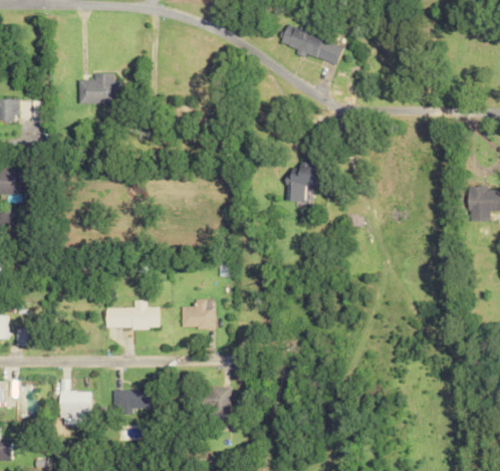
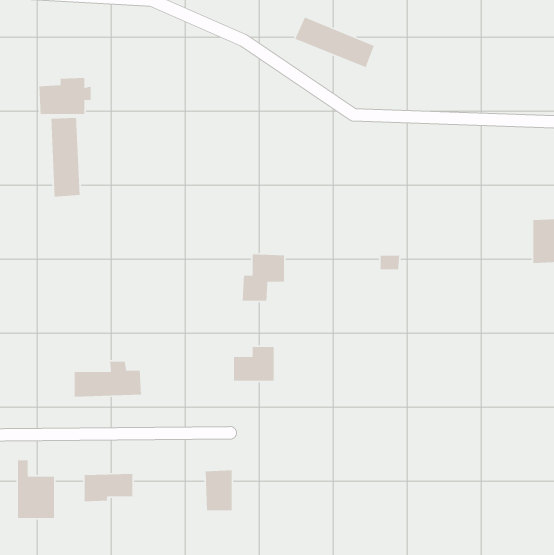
building: none -> [51,117,81,198]
building: [286,163,320,201] -> [242,254,285,301]
building: [182,298,215,326] -> [233,346,275,381]

